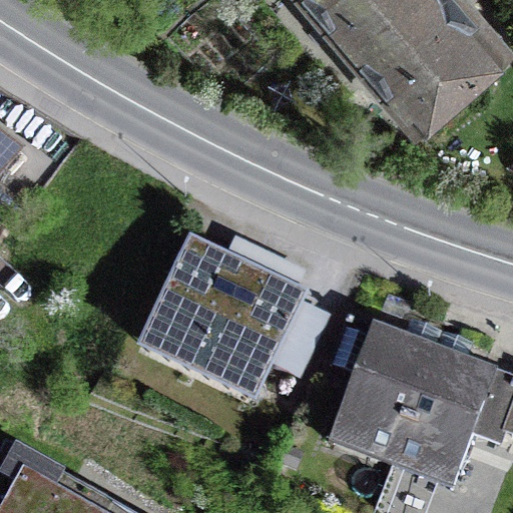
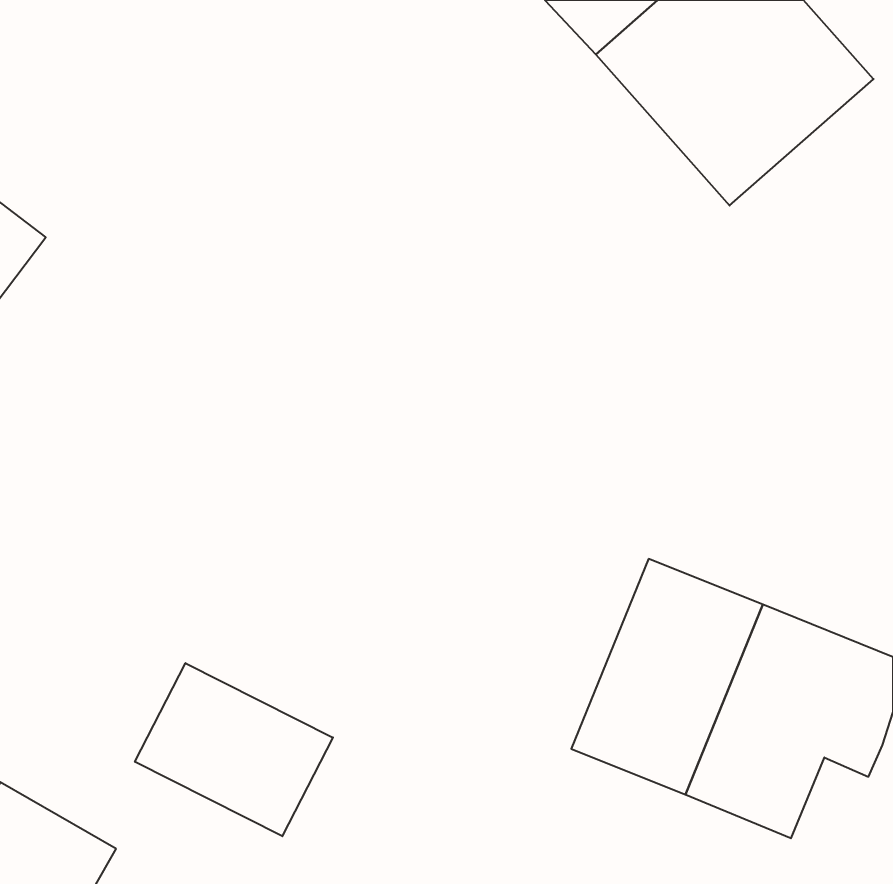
building: [145,234,310,392] -> none
building: none -> [135,663,333,836]

